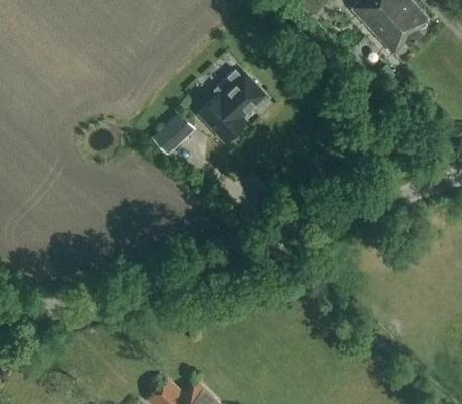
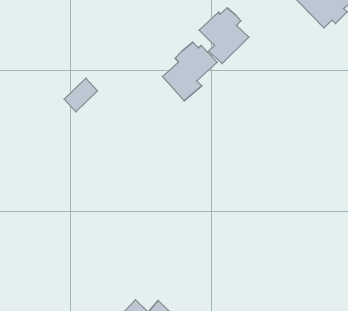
building: none -> [199,8,249,63]
building: [153,112,194,153] -> [64,78,98,112]

